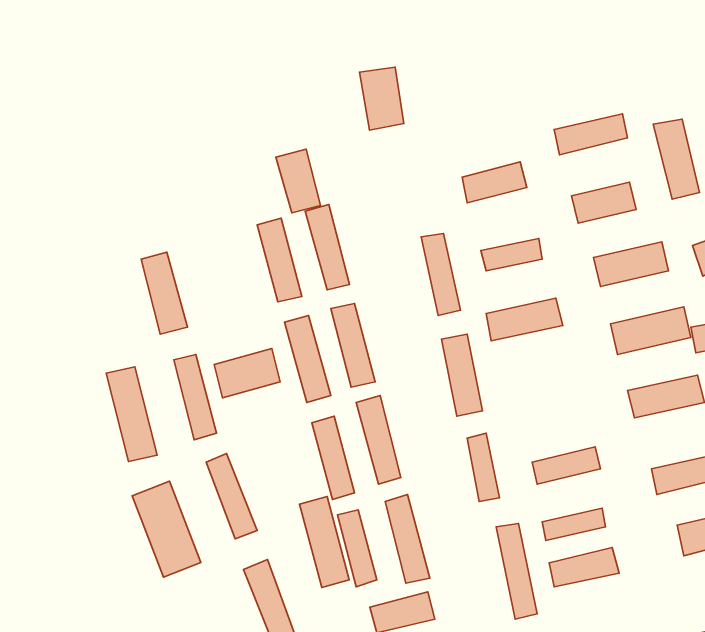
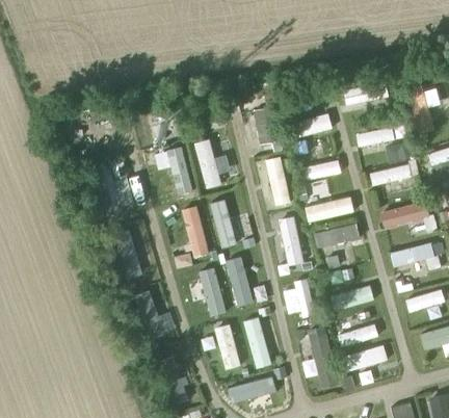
building: [359,67,404,130] -> [254,104,281,142]
building: [276,149,321,213] -> none
building: none -> [315,224,360,249]
building: [214,348,280,398] -> none
building: [106,367,157,462] -> none
building: [132,481,201,577] -> none
building: [300,497,349,588] -> none

